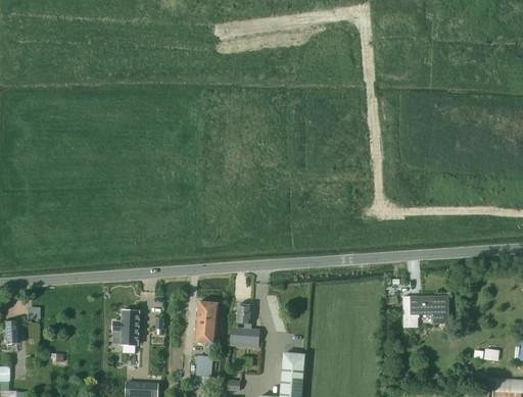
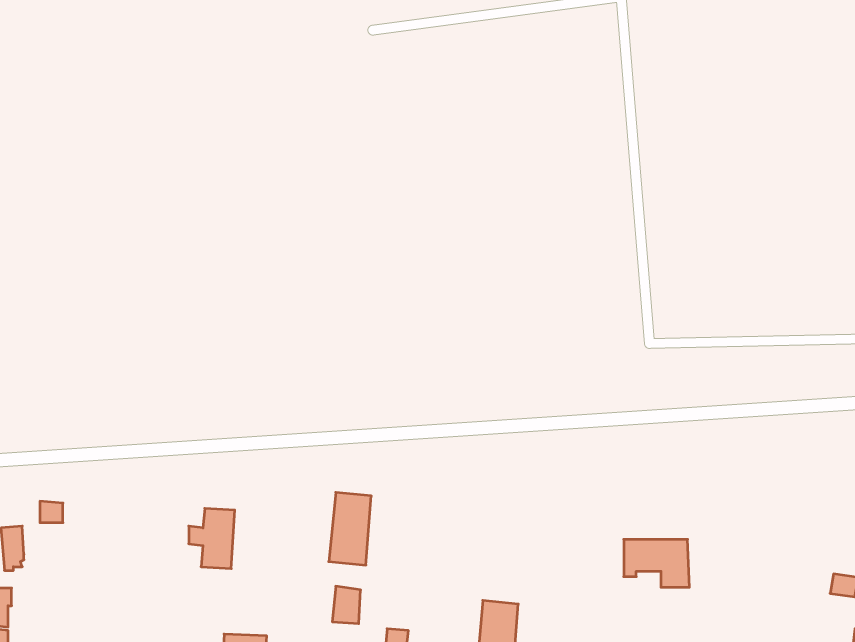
building: [412,296,449,324] -> [624,539,689,587]
building: [230,304,259,343] -> none

